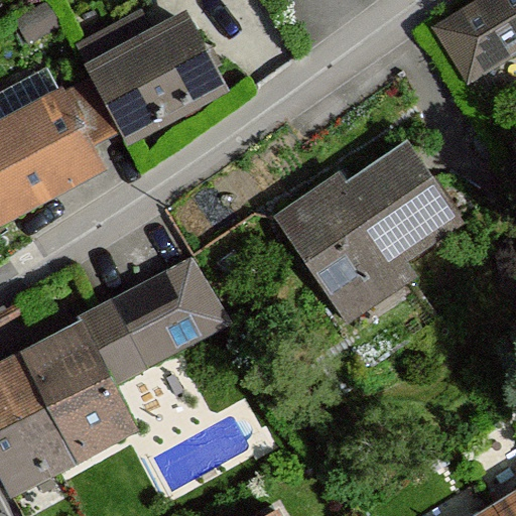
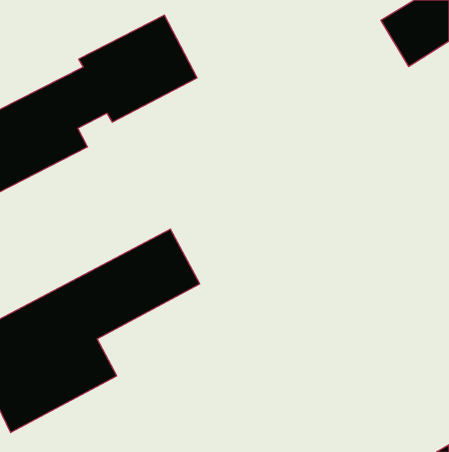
building: [280,144,461,320] -> none

